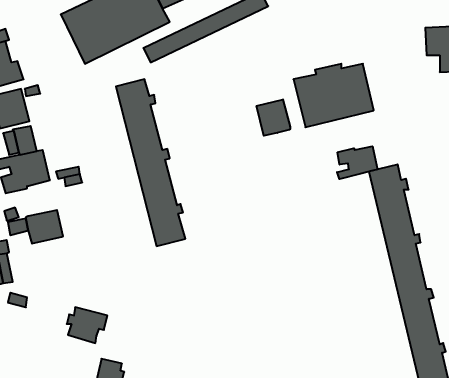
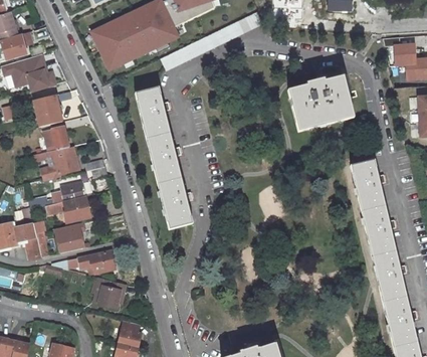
building: [257,99,290,136] -> none
building: [337,146,378,179] -> none
building: none -> [59,180,86,200]
building: none -> [53,222,85,253]
building: none -> [70,249,117,273]

